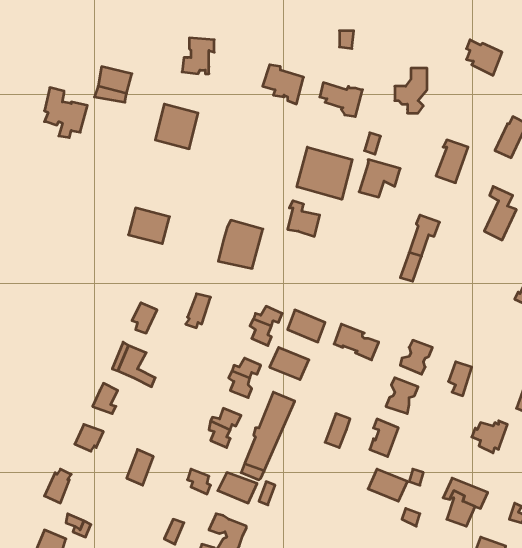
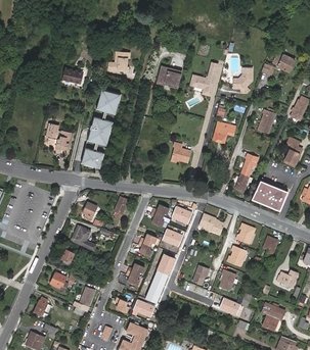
building: [44,88,87,138] -> [47,122,72,151]
building: [297,147,352,199] -> none
building: [218,220,263,268] -> [87,117,113,145]
building: none -> [252,181,289,209]

